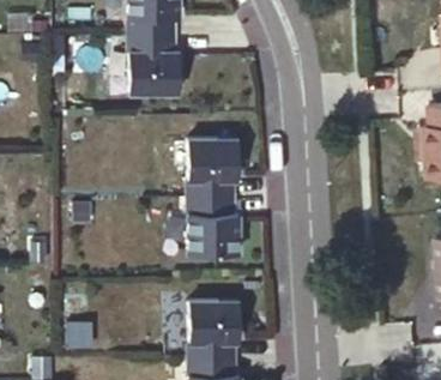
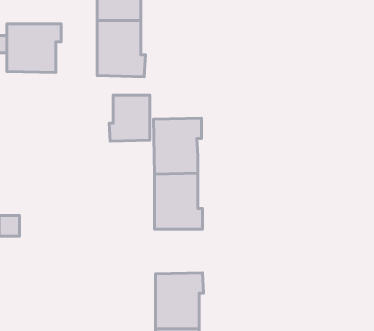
building: none -> [7,24,61,73]
building: none -> [109,95,150,141]

